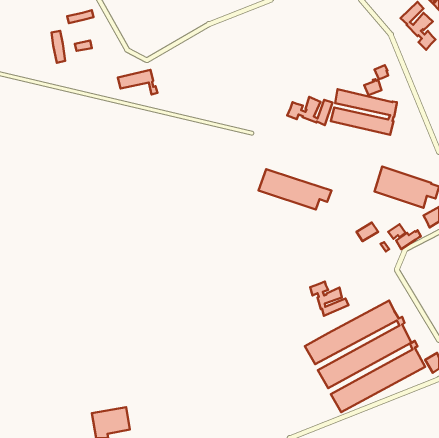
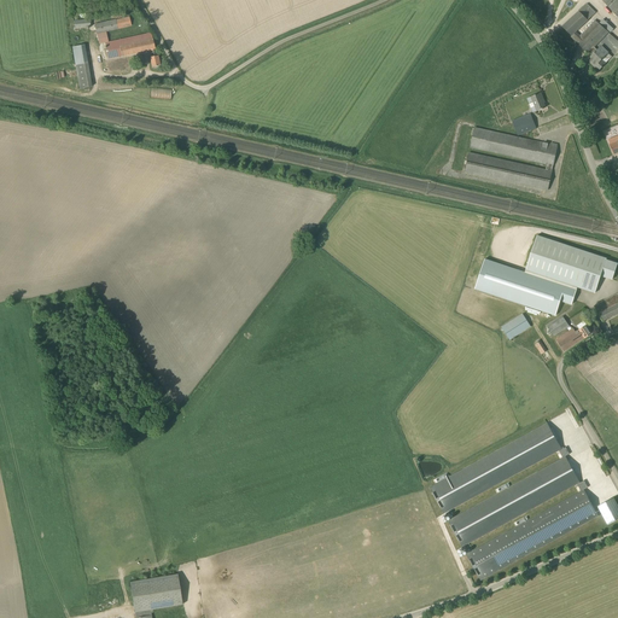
building: [118,70,157,95] -> [105,31,161,66]
building: [287,97,332,125] -> none
building: [258,169,331,210] -> [474,258,577,315]
building: [310,281,348,316] -> none

